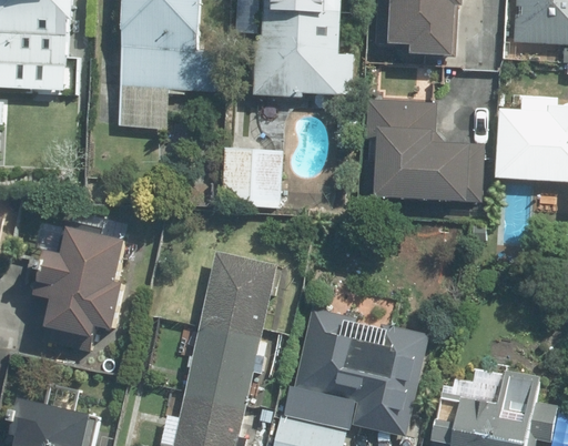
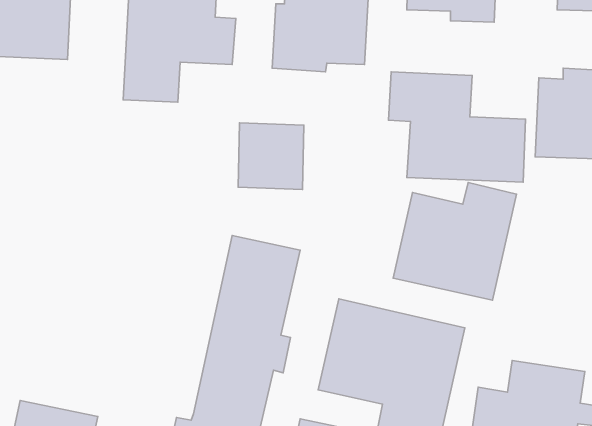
building: none -> [393,183,516,300]
building: [34,223,128,337] -> none

